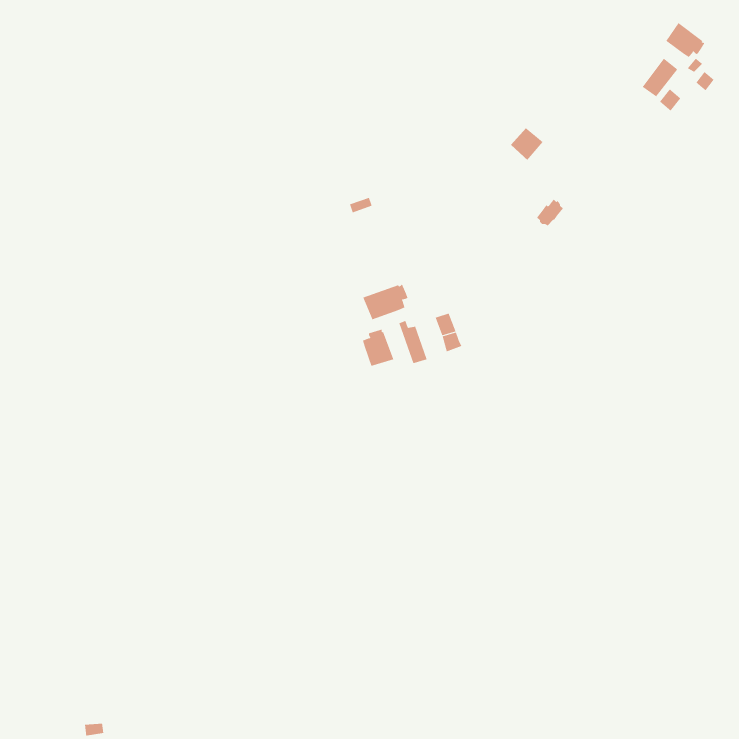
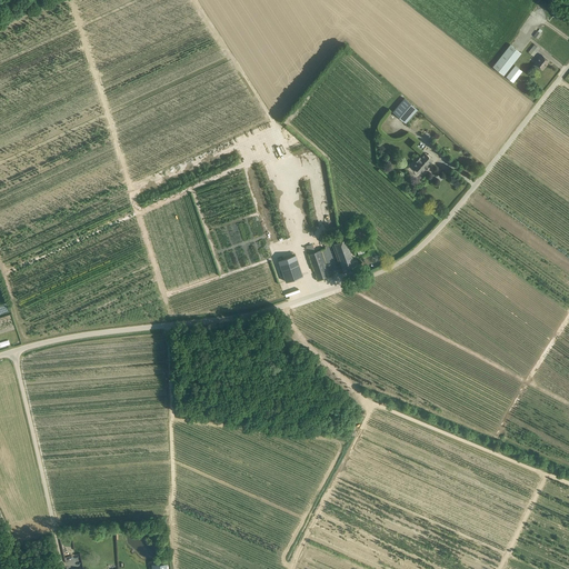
building: [665,22,705,58] -> none
building: [362,284,408,320] -> none

